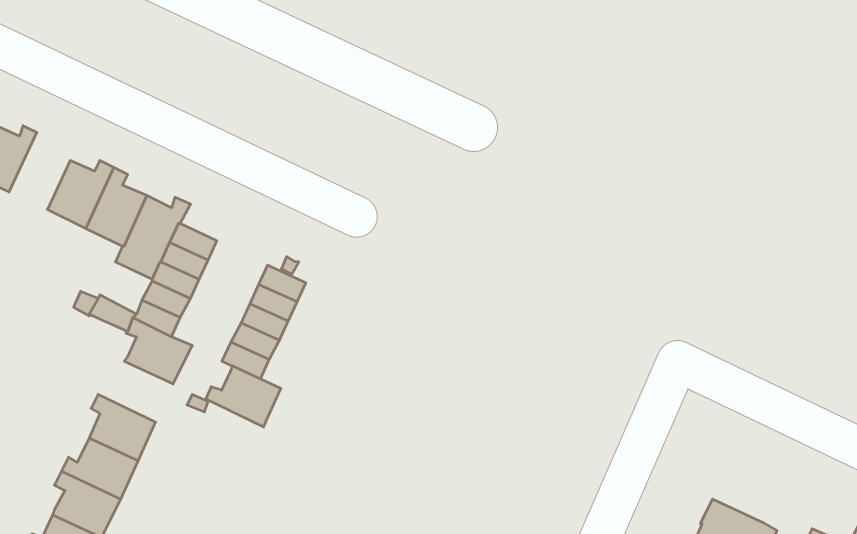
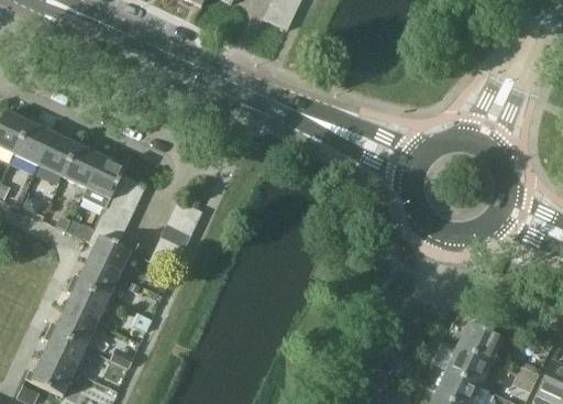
building: none -> [15,116,54,164]
building: [206,366,281,427] -> [71,260,119,298]
building: none -> [459,323,503,362]

